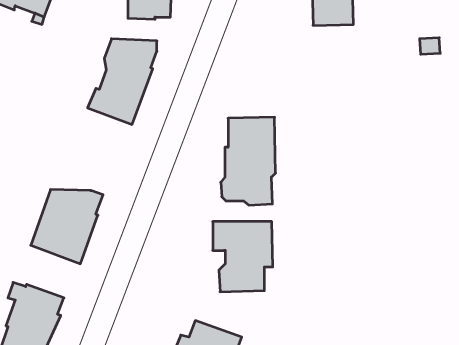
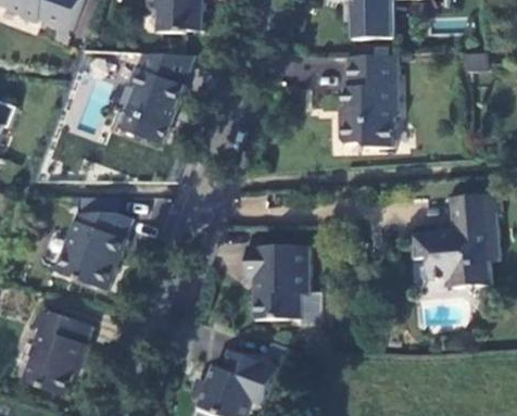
building: [221,117,276,205] -> [339,55,396,148]
building: none -> [412,193,497,288]

